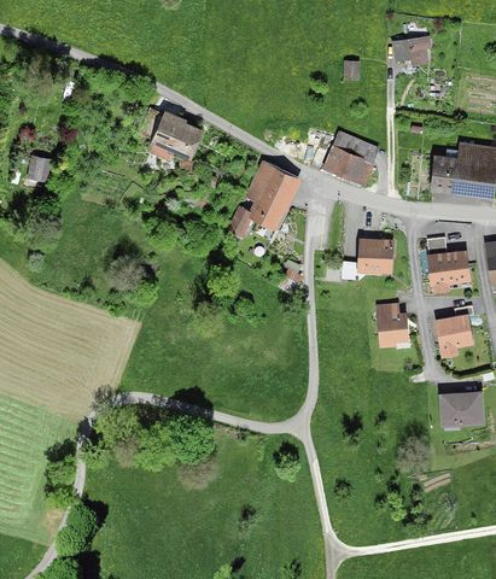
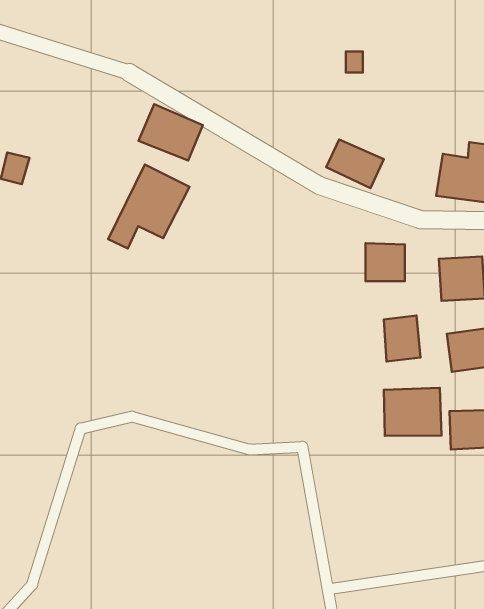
building: [390,36,432,63] -> none
building: [228,160,303,238] -> [108,164,189,249]
building: none -> [384,388,441,436]

